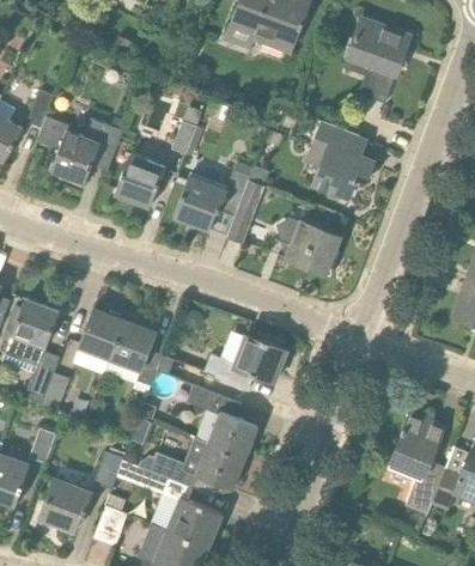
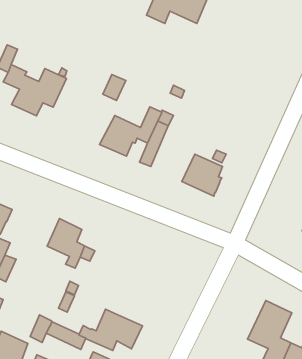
building: [347,17,410,103] -> none
building: [305,121,373,197] -> none
building: [114,153,165,207] -> none
building: [79,308,124,358] -> none
building: [205,335,287,391] -> none
building: [187,385,257,457] -> none

